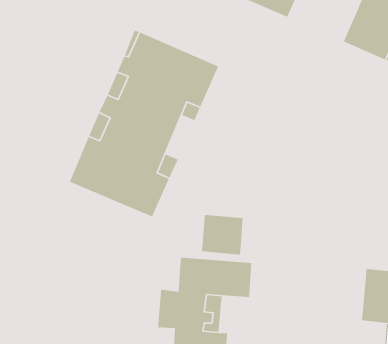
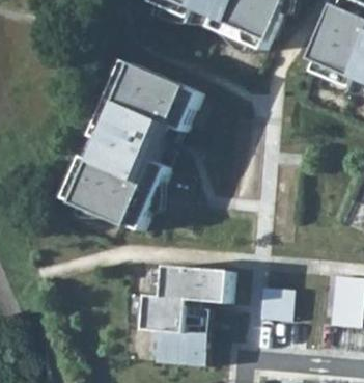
building: [201,214,244,255] -> none
building: none -> [259,289,292,322]

